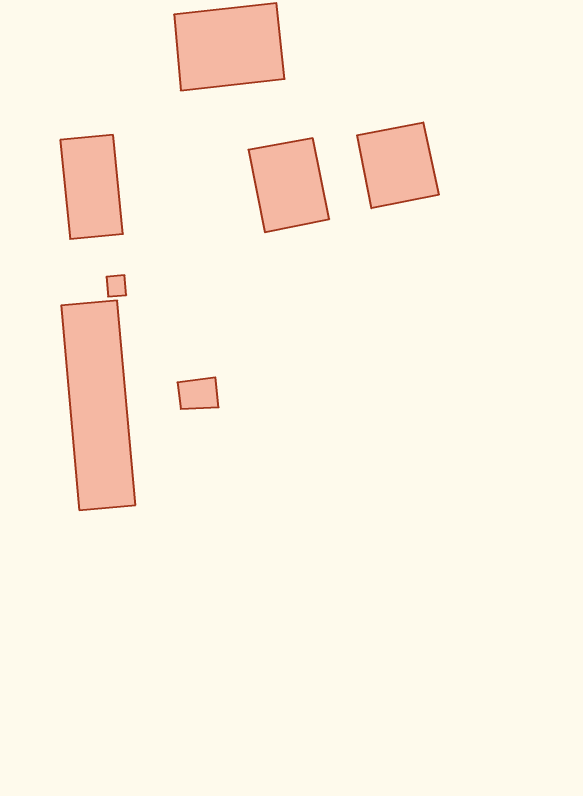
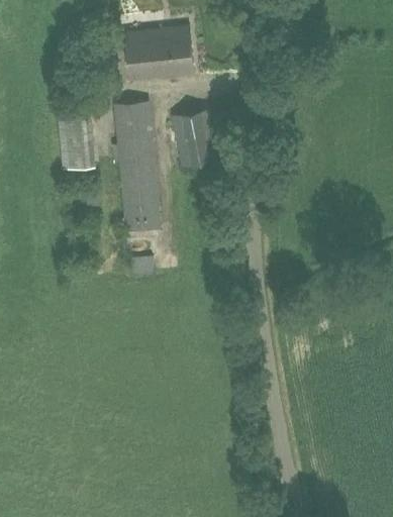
building: [357,122,439,208] -> none
building: [61,301,135,510] -> [114,102,160,230]

